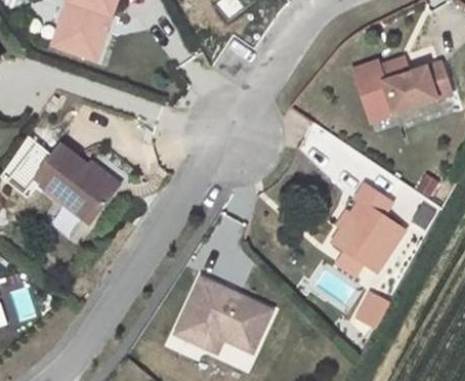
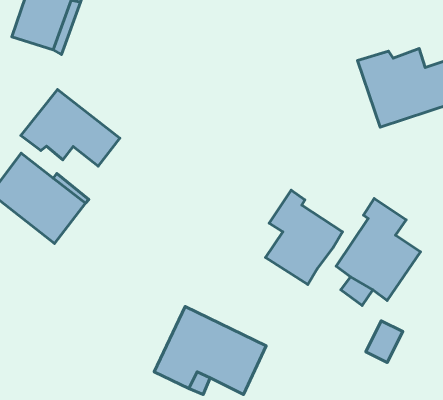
building: none -> [21,89,120,166]
building: none -> [266,190,342,285]

